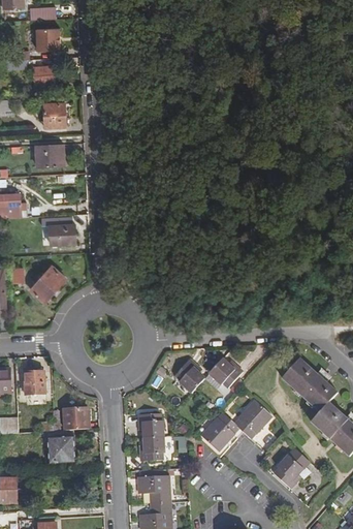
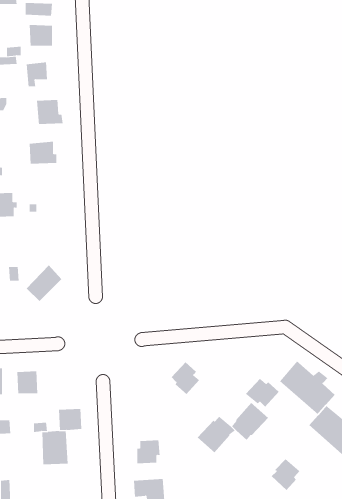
building: [49,222,75,243] -> none
building: [208,360,243,388] -> [245,378,280,407]
building: [139,415,164,439] -> none

